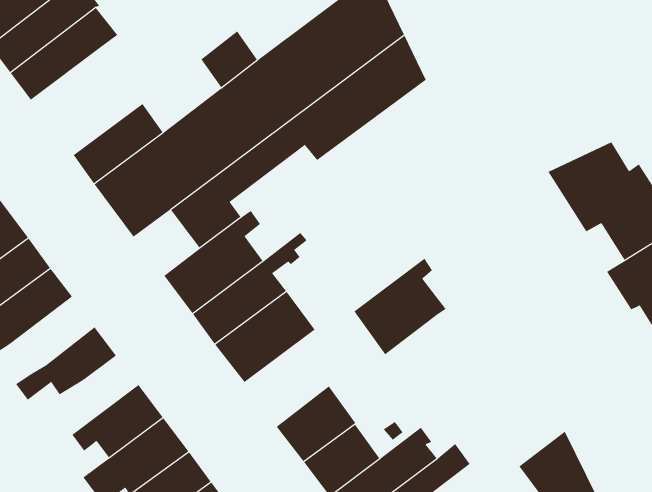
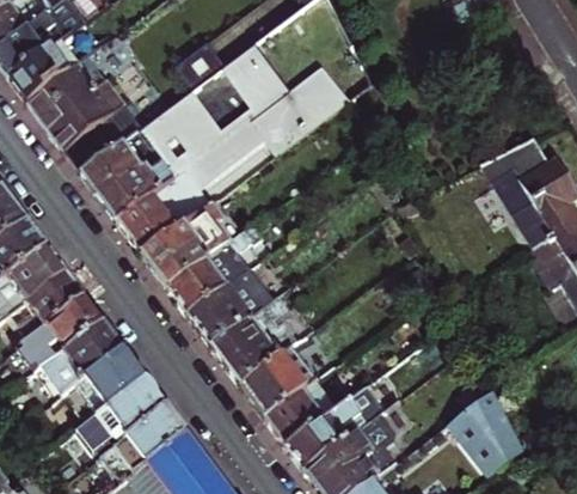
building: none -> [27,55,125,150]
building: none -> [117,197,174,255]
building: [353,258,447,355] -> [214,301,295,386]
building: none -> [10,273,84,340]
building: none -> [33,324,122,400]

